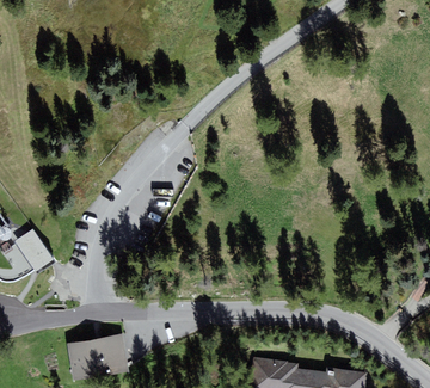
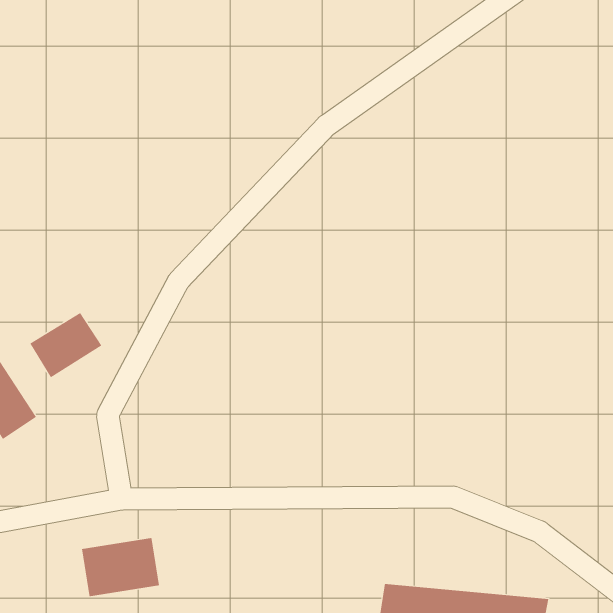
building: none -> [30,312,102,378]

